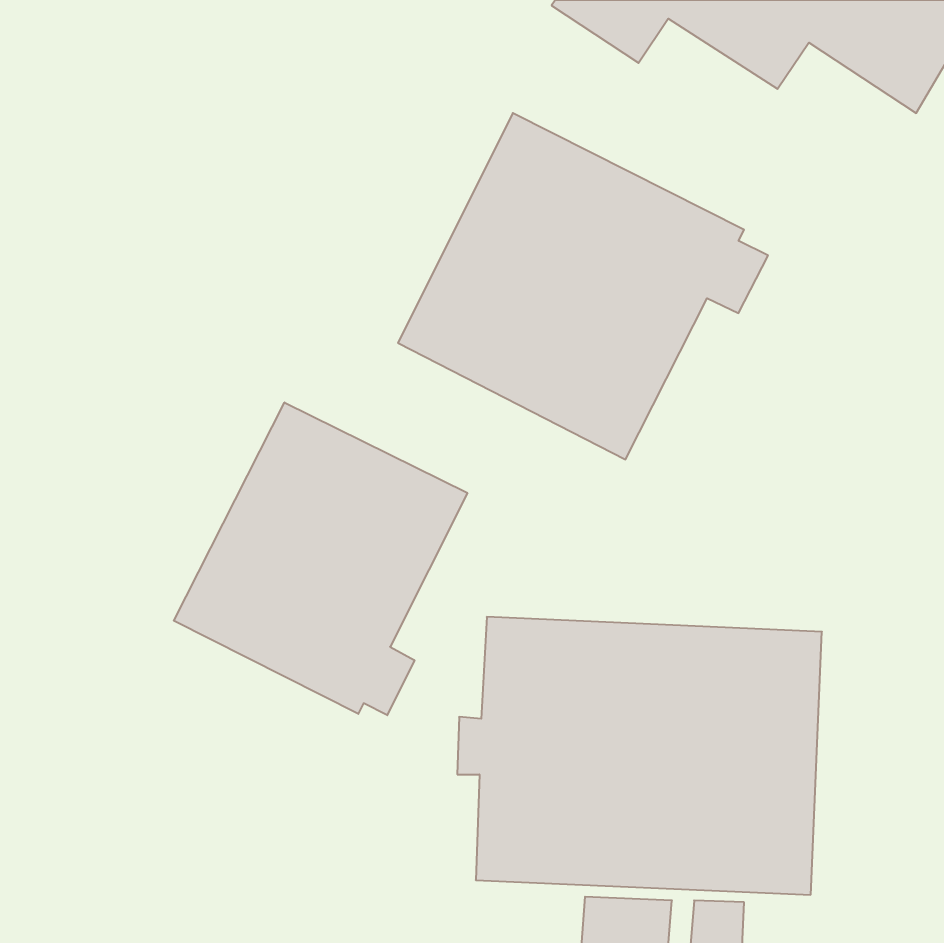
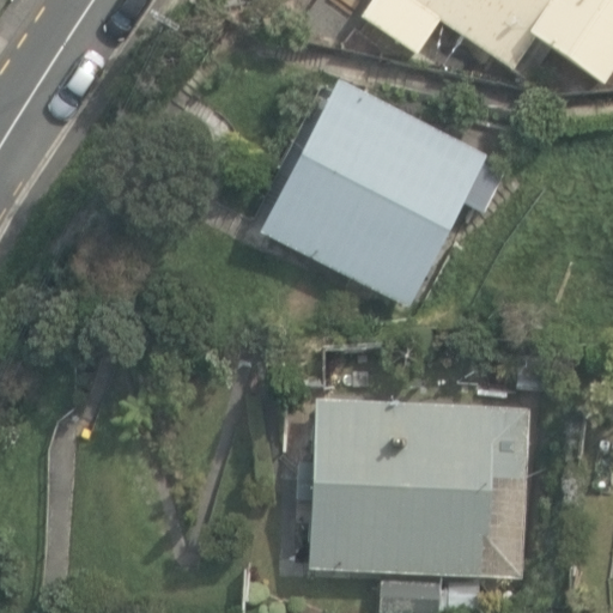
building: [174,402,467,715] -> none

